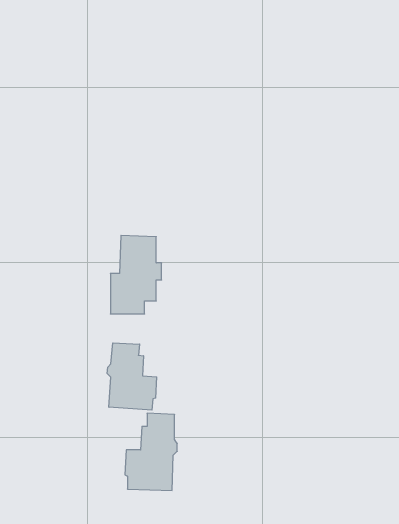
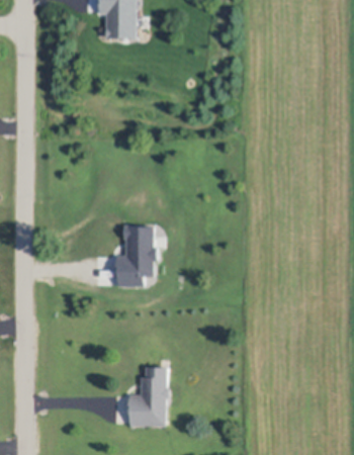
building: [107,343,157,410] -> none

